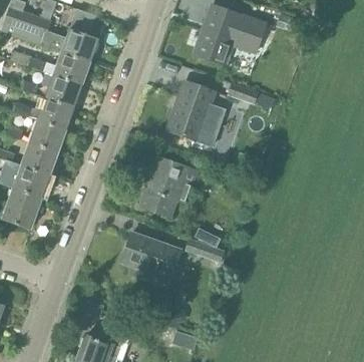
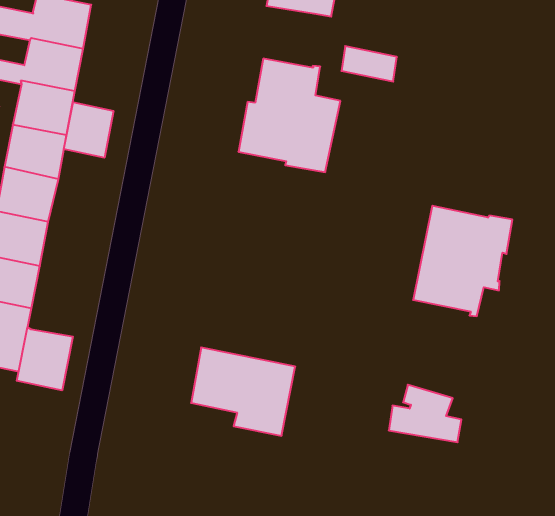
building: none -> [64,102,113,158]
building: [138,154,199,218] -> [413,206,512,316]
building: none -> [17,327,73,390]
building: [185,227,225,262] -> [389,385,461,442]

